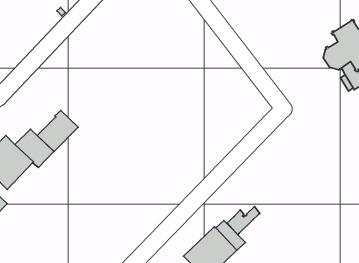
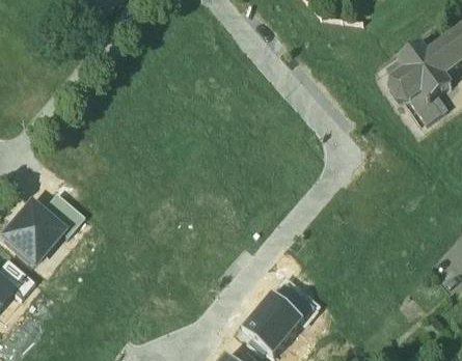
building: [37,111,78,151] -> none
building: [227,207,260,235] -> none

